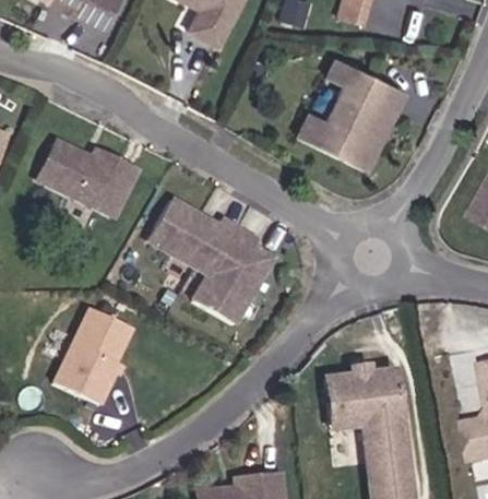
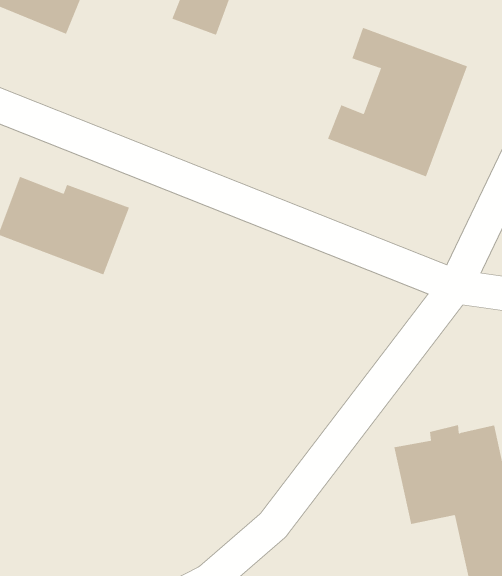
building: [154,198,278,319] -> none
building: [51,308,133,405] -> none

